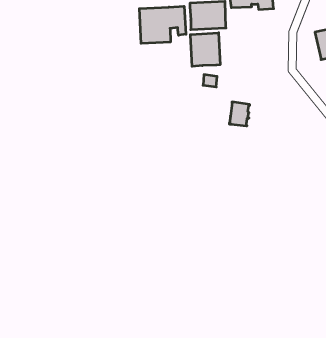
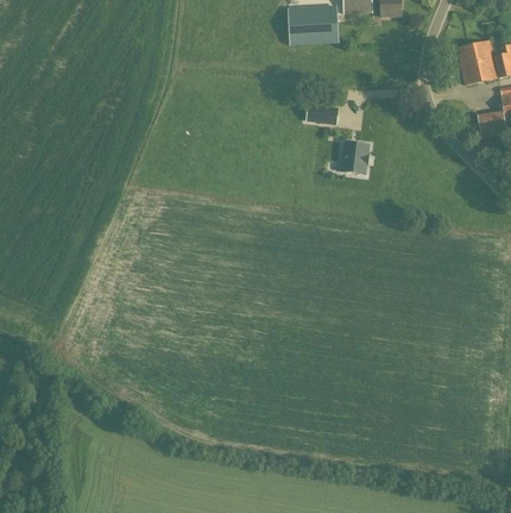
building: [139,6,186,43] -> none
building: [190,33,220,66] -> none

